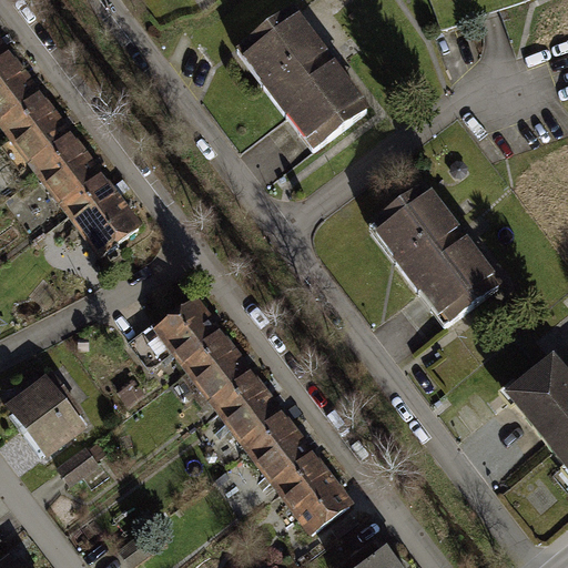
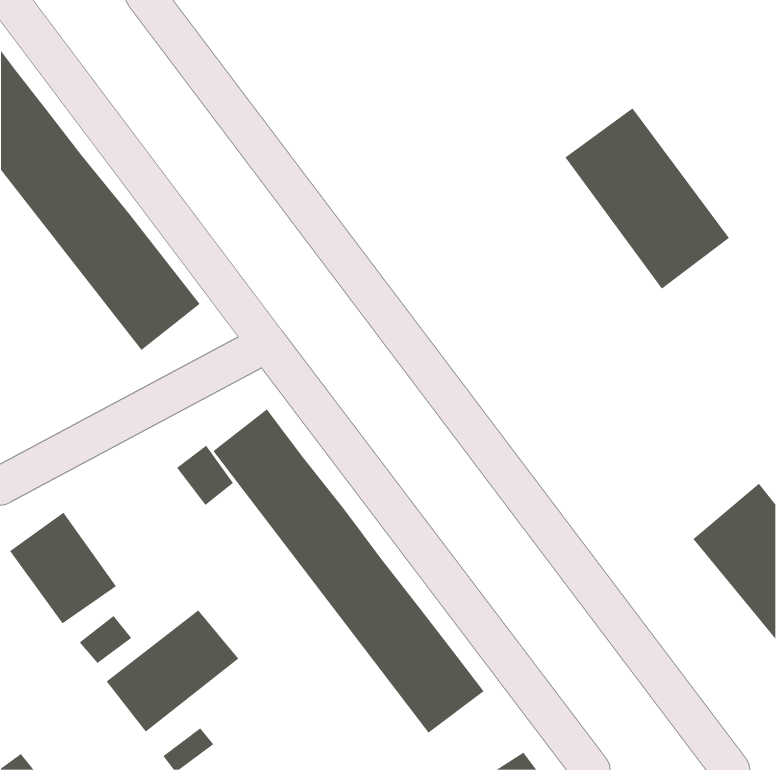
building: [236,10,357,143] -> none
building: [378,187,499,321] -> [564,107,730,290]
building: none -> [106,609,239,732]

